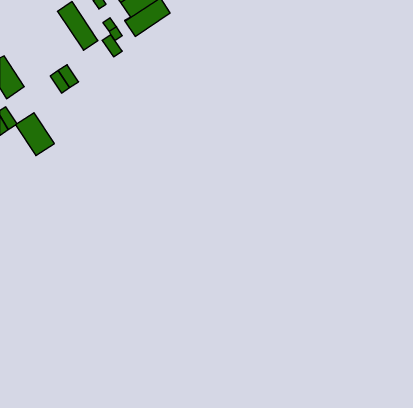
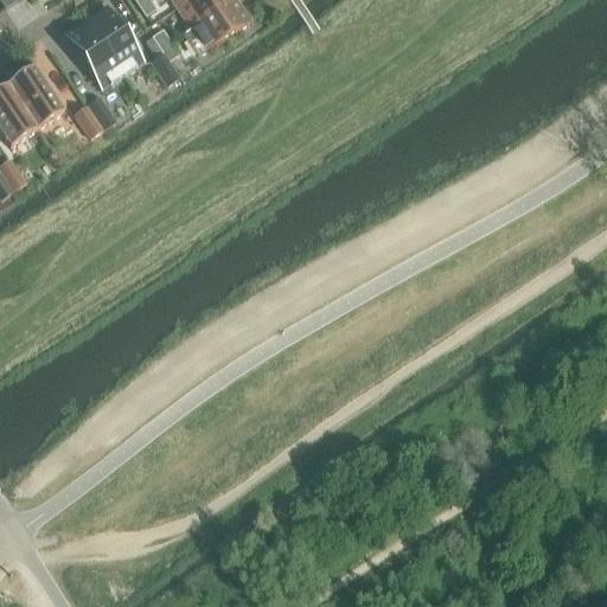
building: none -> [63,17,122,88]
building: [16,113,54,156] -> [6,64,63,127]

